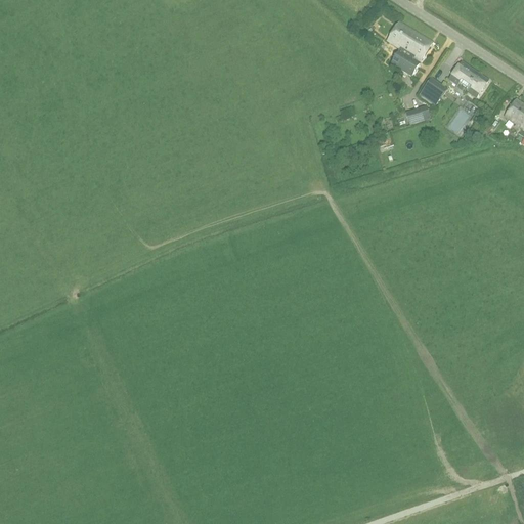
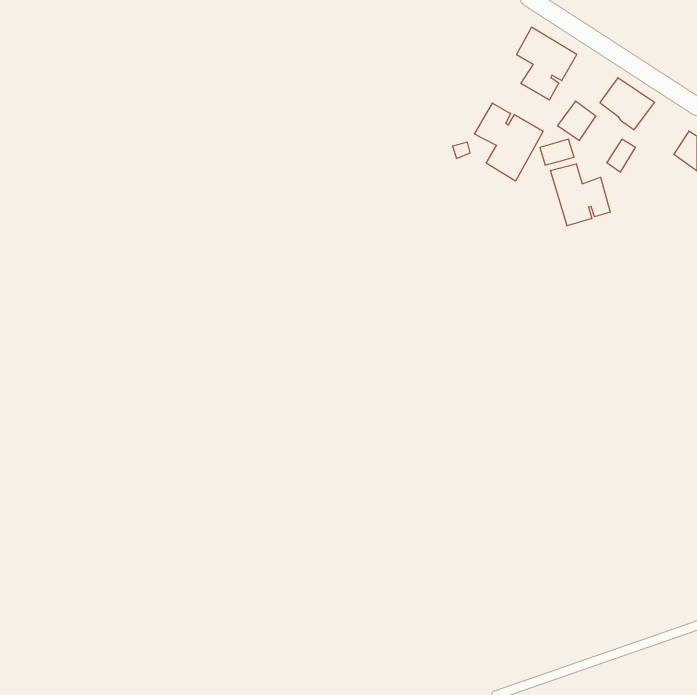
building: none -> [474,103,543,181]
building: none -> [550,164,610,226]

